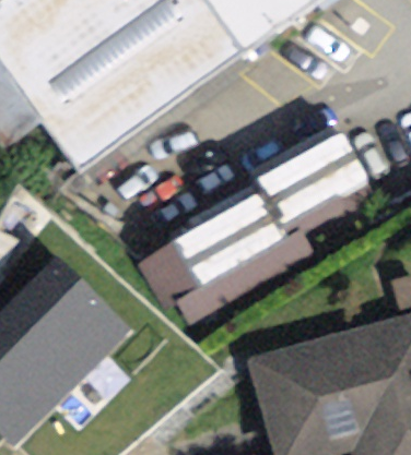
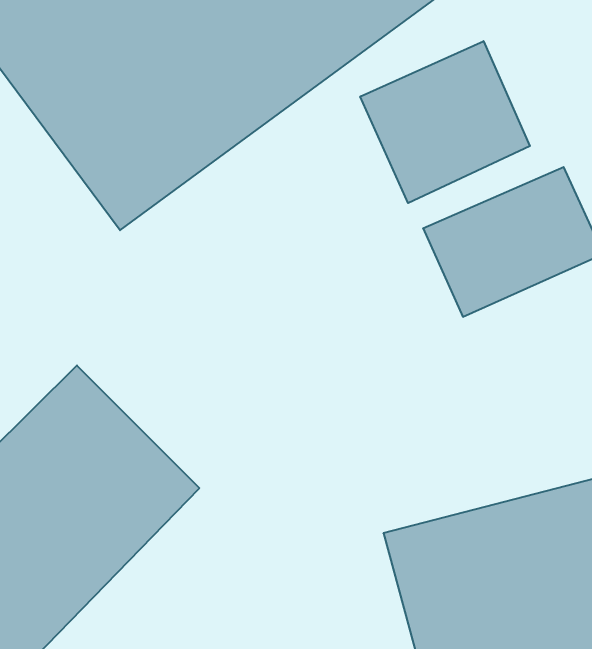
building: none -> [360,41,530,203]
building: [150,187,307,321] -> none

